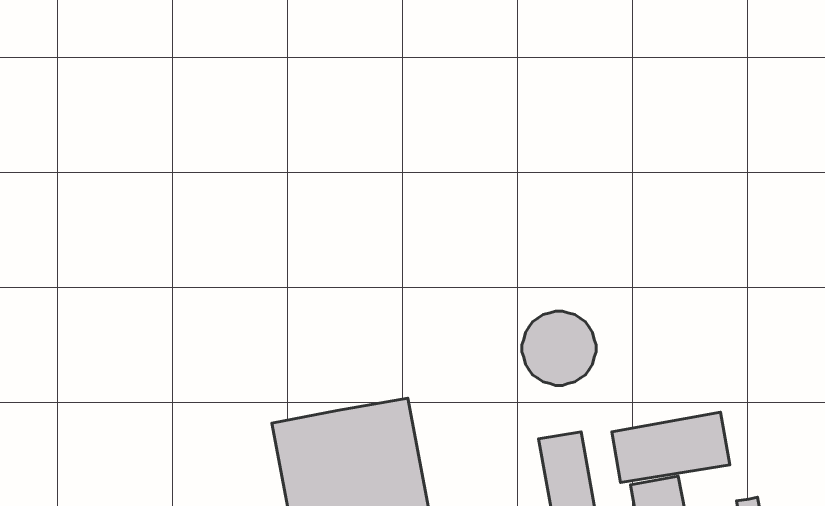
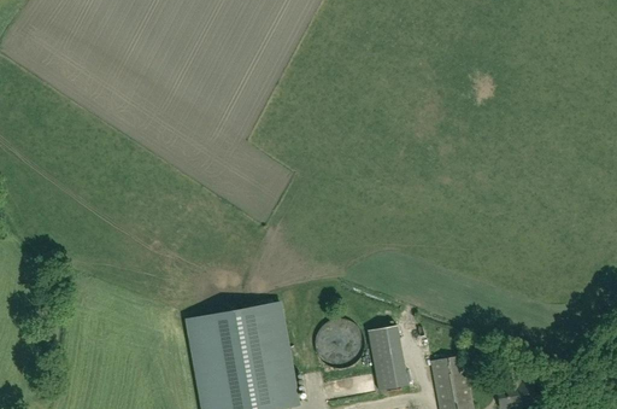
building: [522,311,596,385] -> [313,317,364,368]
building: [612,412,730,483] -> none

